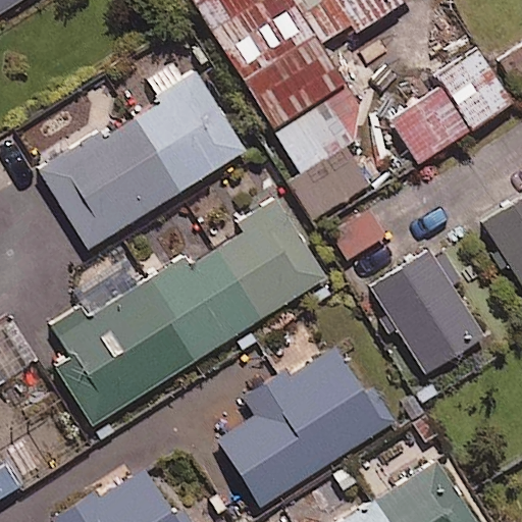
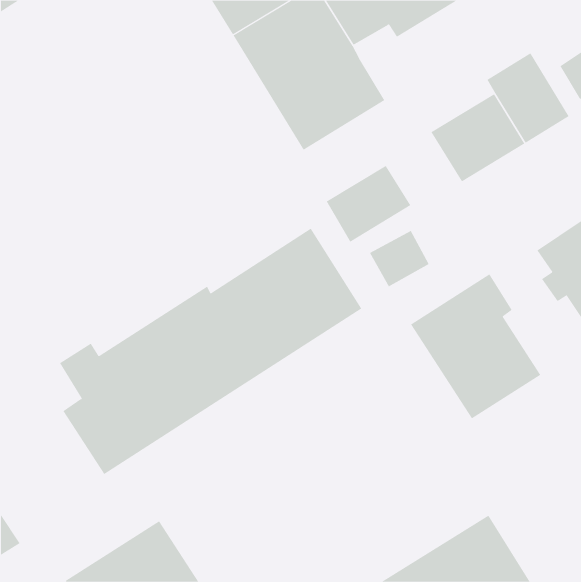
building: [41,60,245,248] -> none
building: [272,90,360,172] -> none
building: [218,346,397,506] -> none

